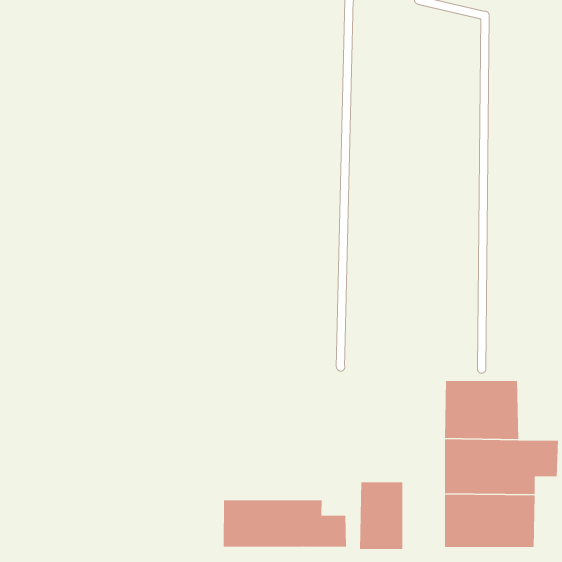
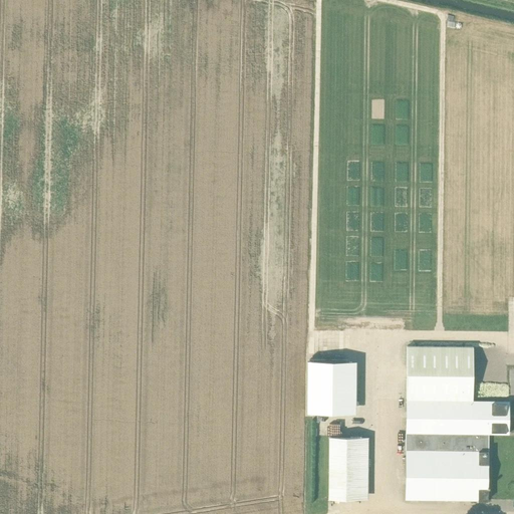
building: none -> [307,361,356,414]
building: [223,499,347,547] -> none

